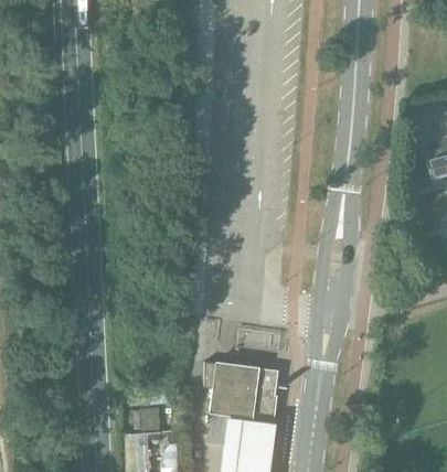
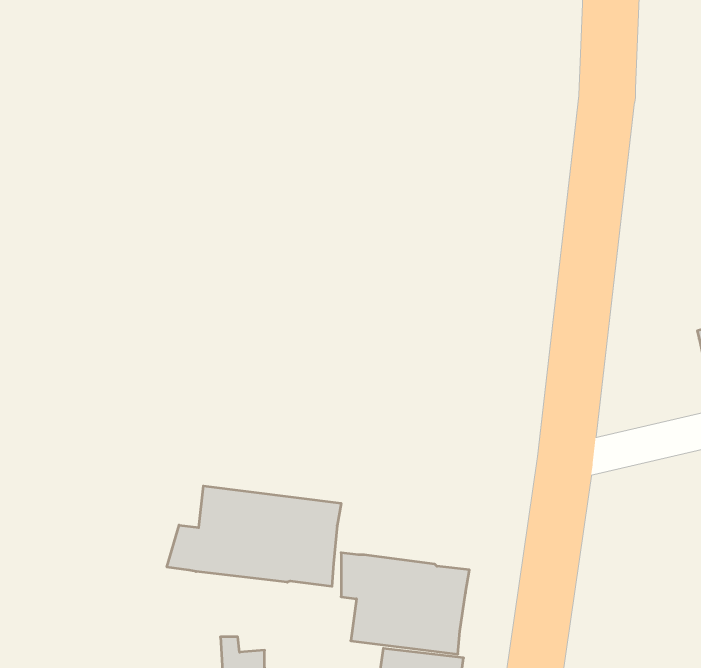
building: none -> [167,486,341,586]

